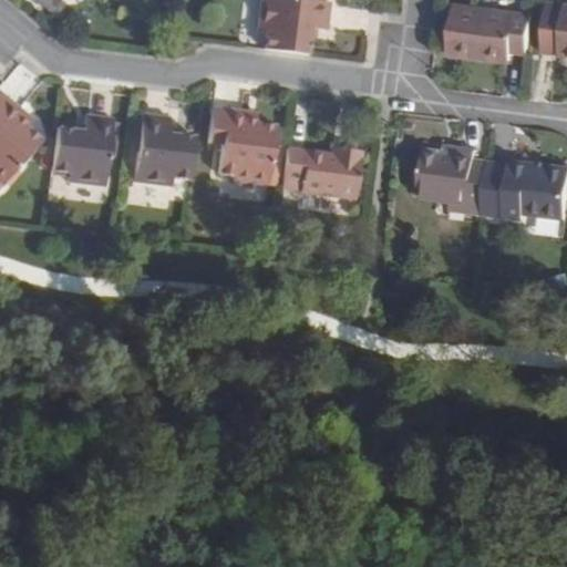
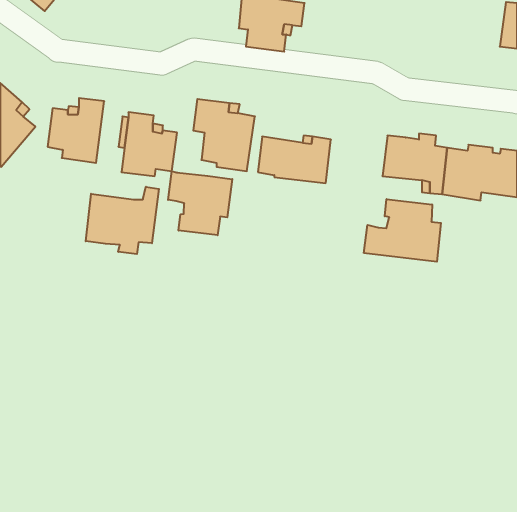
building: [452,4,536,59] -> none
building: none -> [168,171,232,235]
building: none -> [86,187,159,254]
building: none -> [364,199,441,262]

